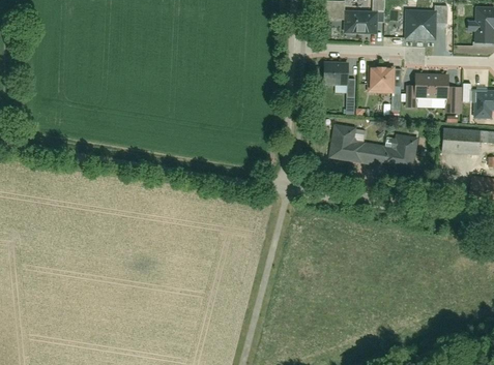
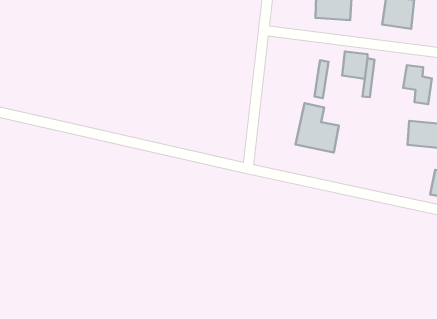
building: [322,60,351,85] -> none
building: [416,73,436,97] -> none
building: [370,129,415,171] -> none

